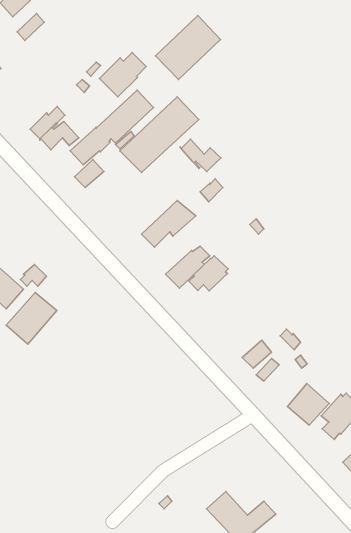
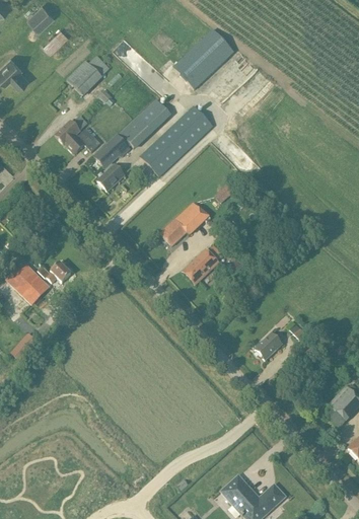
building: [100,53,146,97] -> [66,55,110,96]
building: [180,139,221,171] -> none
building: [189,256,228,291] -> none
building: [6,292,57,344] -> none
building: [287,383,329,425] -> none

